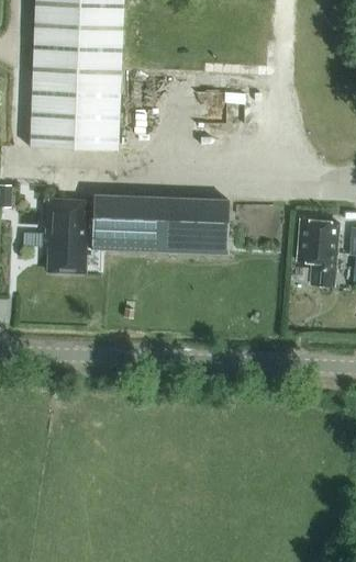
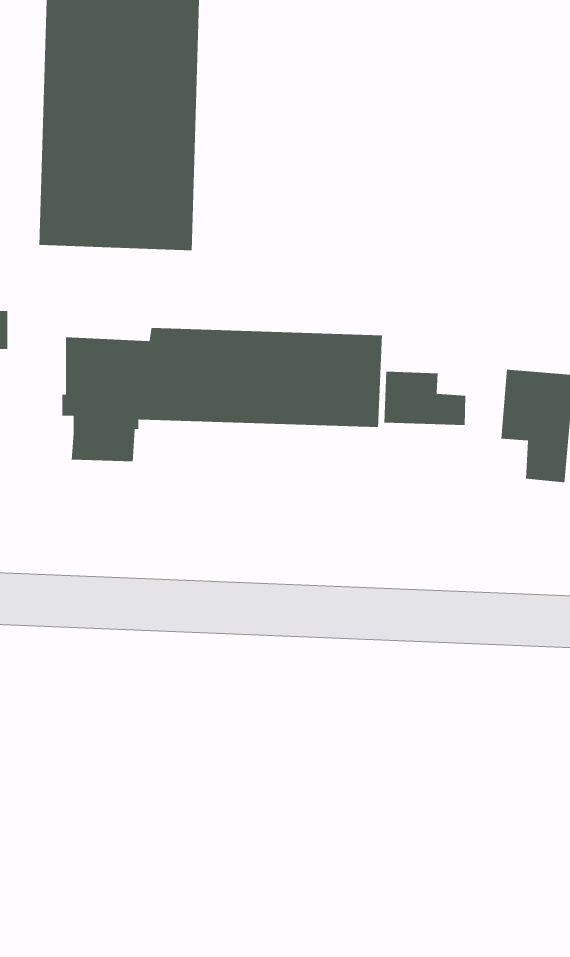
building: none -> [384,371,466,426]

